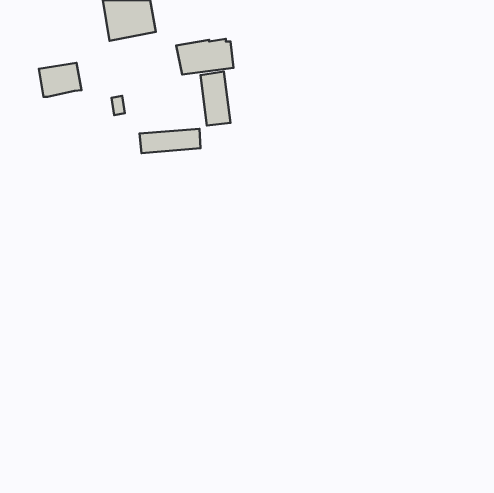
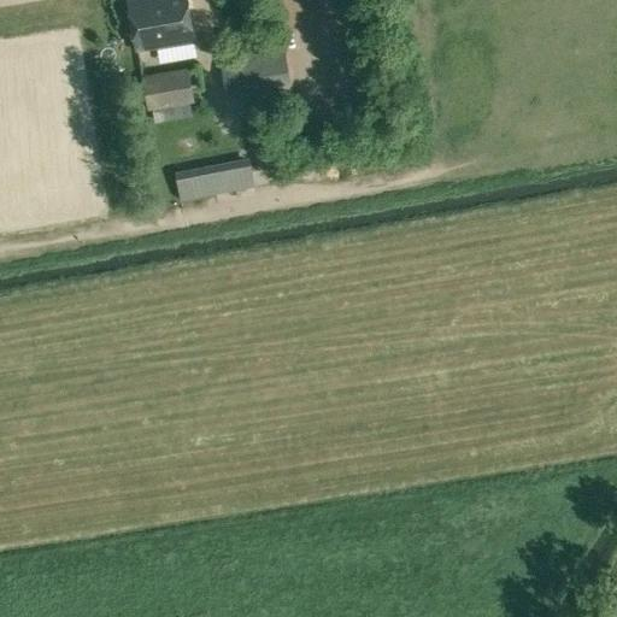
building: [39,63,81,97] -> [143,70,196,112]
building: [200,72,231,126] -> none

